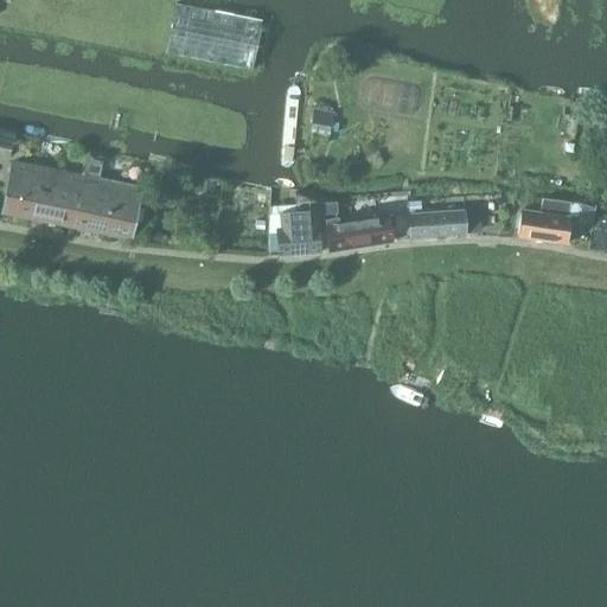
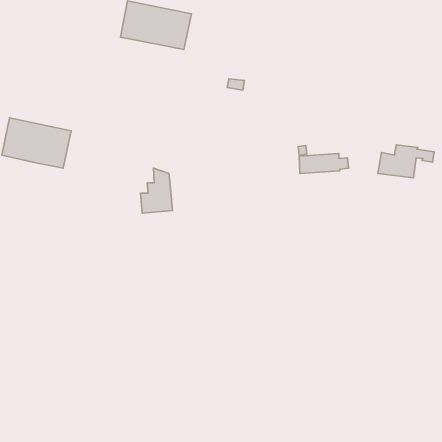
building: [88,179,142,239] -> none
building: [277,193,321,255] -> [140,168,172,213]
building: [326,215,396,250] -> none

